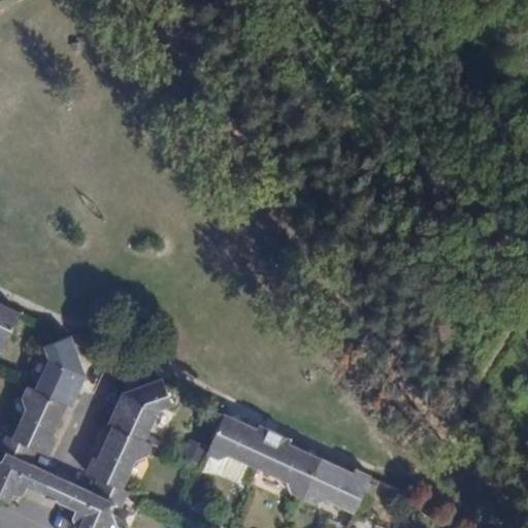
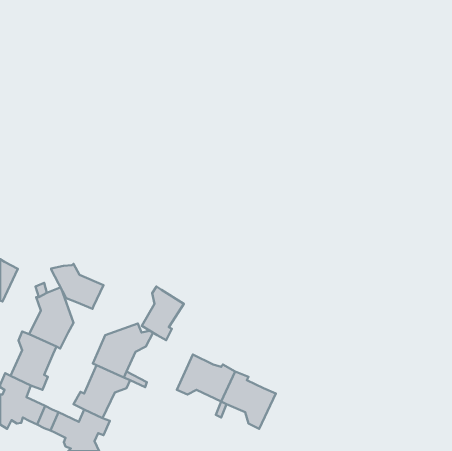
building: none -> [51,264,103,309]
building: none -> [142,287,184,340]
building: [302,459,371,514] -> none

